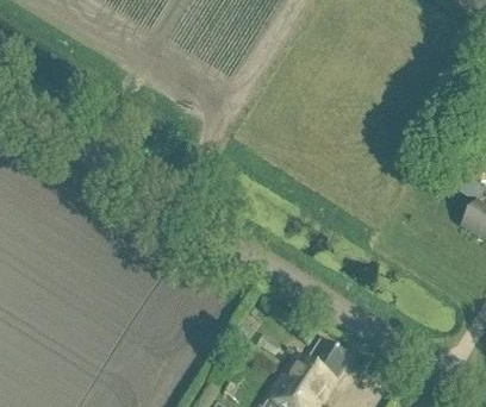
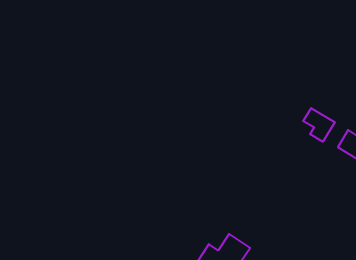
building: none -> [303,108,335,142]

